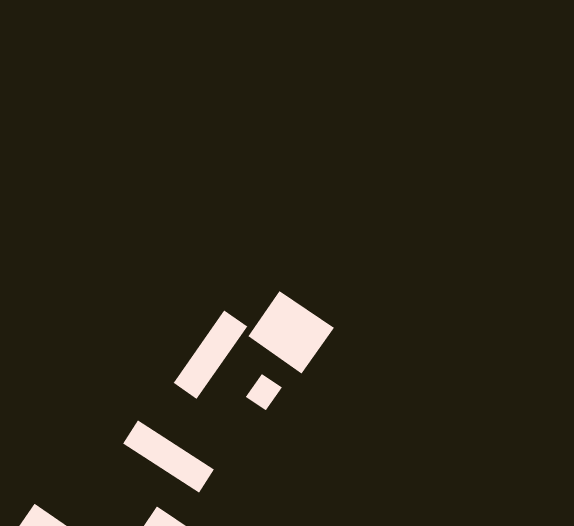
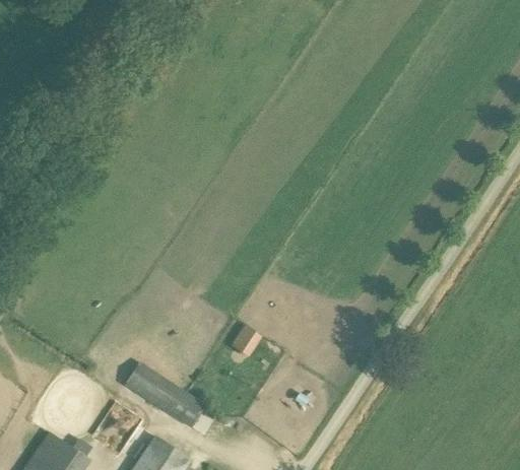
building: [247,290,335,374] -> none
building: [173,310,248,400] -> none

